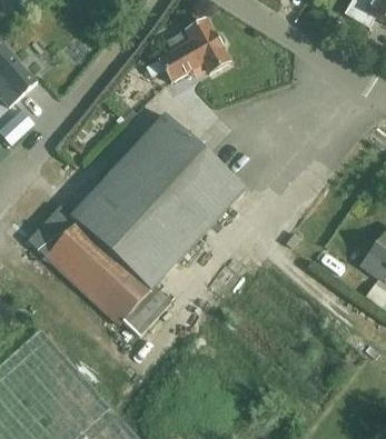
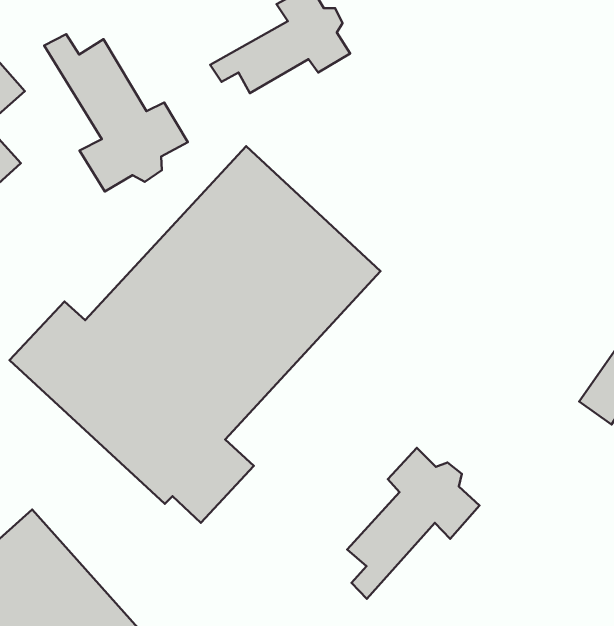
building: none -> [44,34,188,191]
building: none -> [347,448,480,599]

